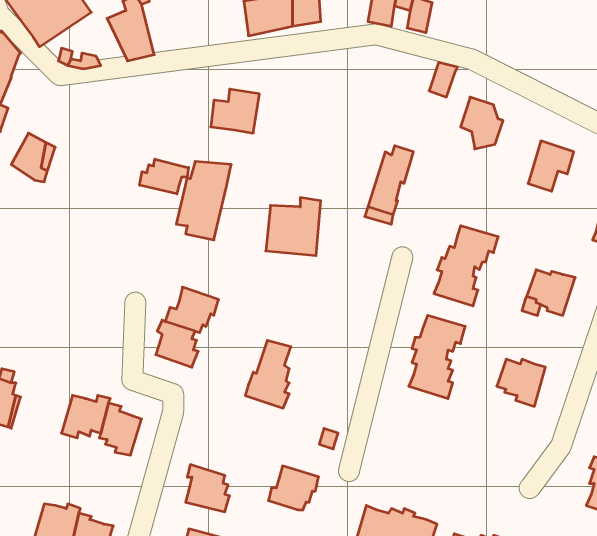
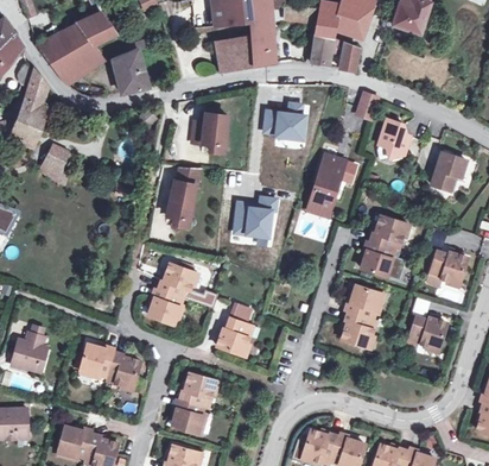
building: none -> [261,102,310,144]
building: [140,159,189,194] -> none
building: [268,466,319,510] -> [179,373,217,407]

